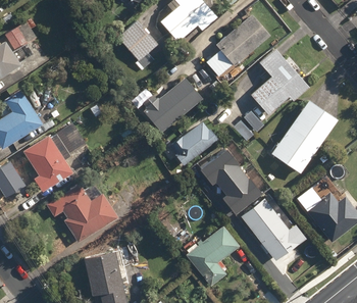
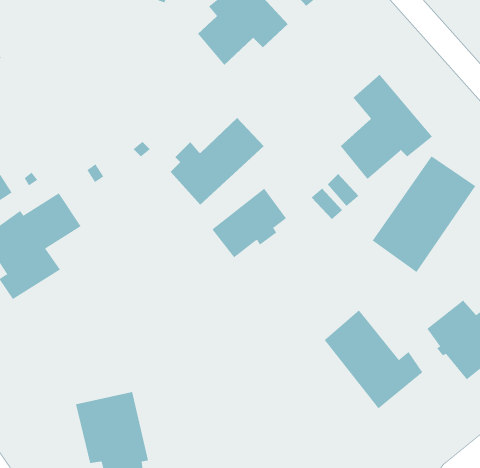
building: [207,13,270,77] -> none
building: [117,20,157,61] -> none
building: [200,150,263,217] -> none
building: [46,183,118,243] -> none
building: [186,225,240,287] -> none

